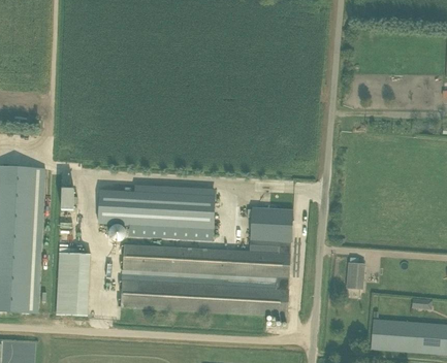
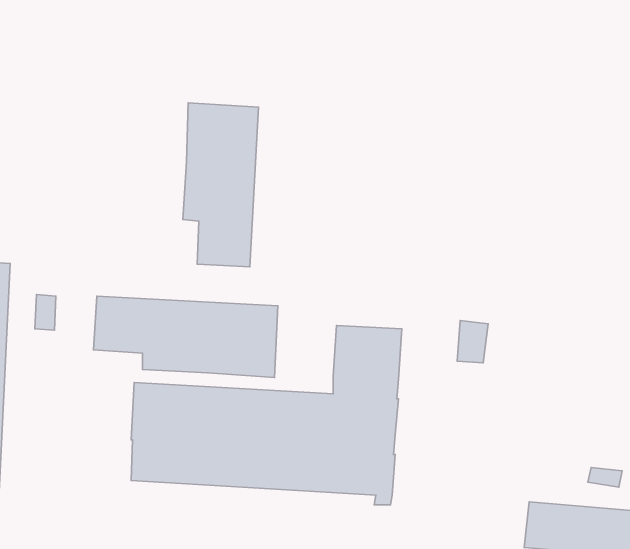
building: none -> [183,103,258,267]
building: [55,252,89,316] -> none
building: [346,262,365,289] -> [457,320,488,363]

